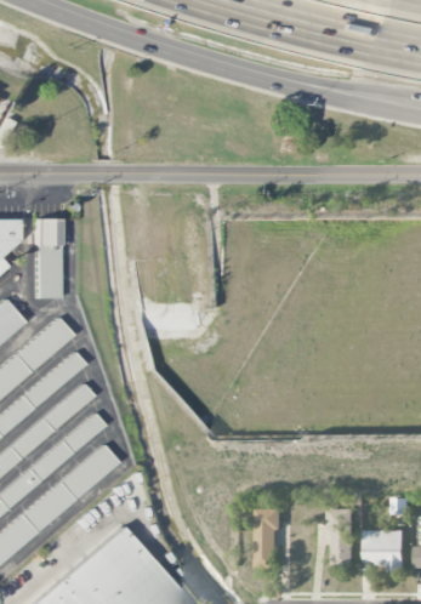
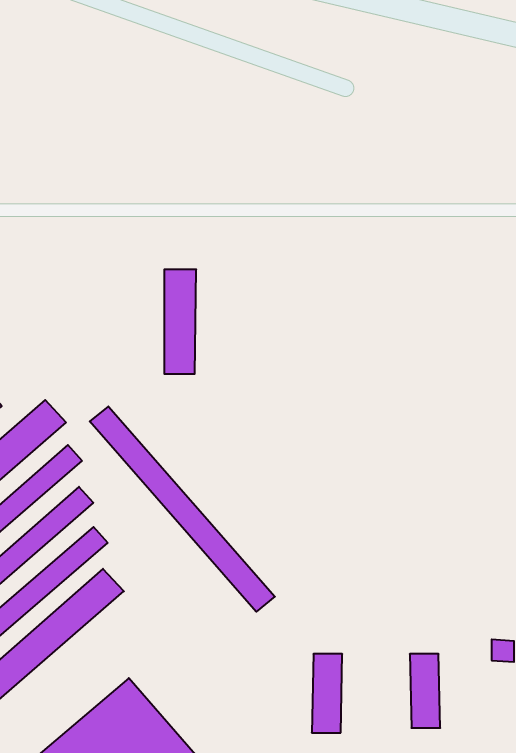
building: [38,221,62,300] -> [164,269,196,374]
building: none -> [90,406,275,612]
building: [368,532,408,574] -> none

